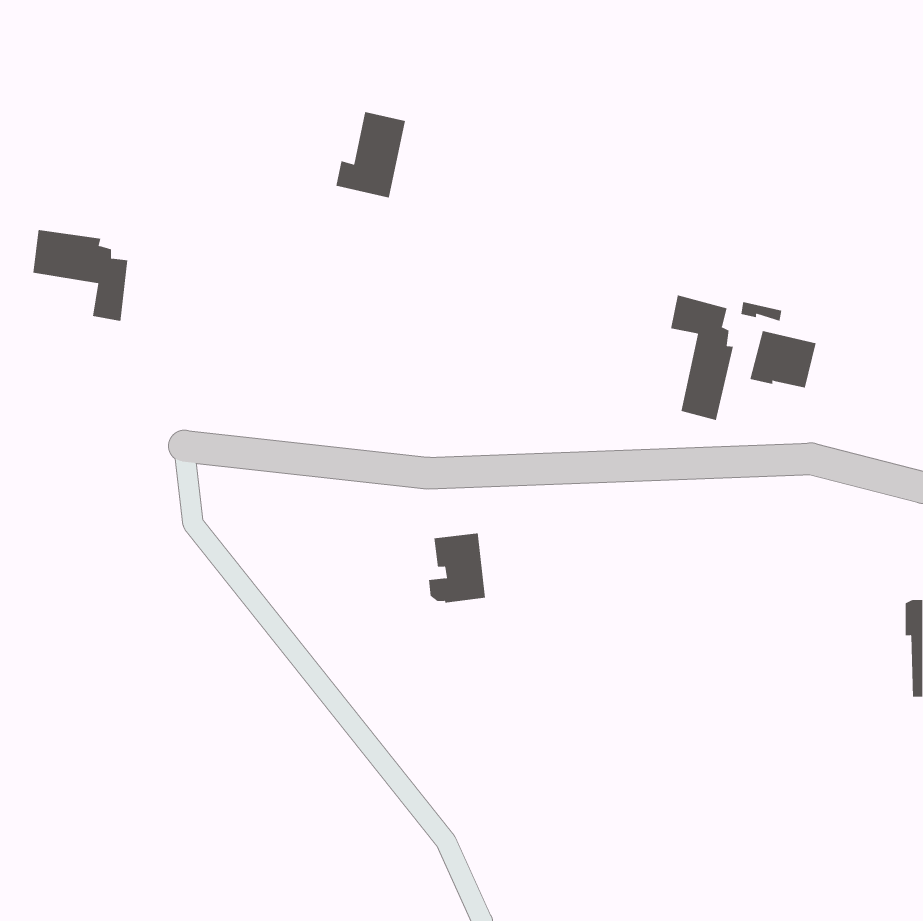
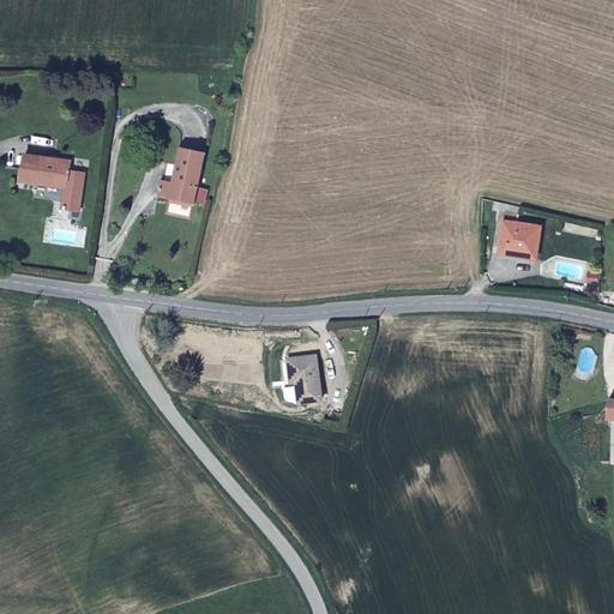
building: [335,112,406,198] -> [158,146,205,204]
building: [671,294,733,421] -> none

